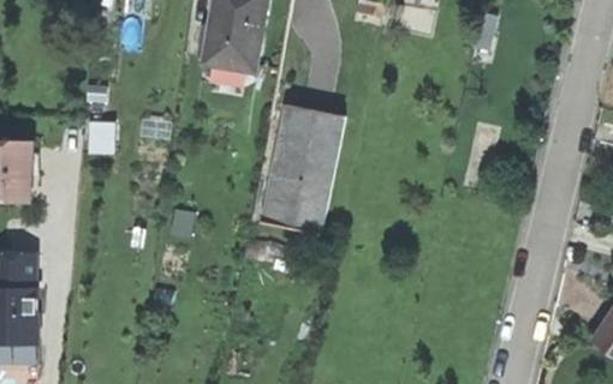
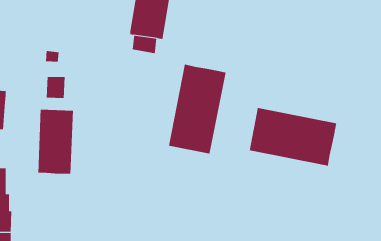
building: none -> [249,107,337,166]
building: none -> [38,109,73,175]

